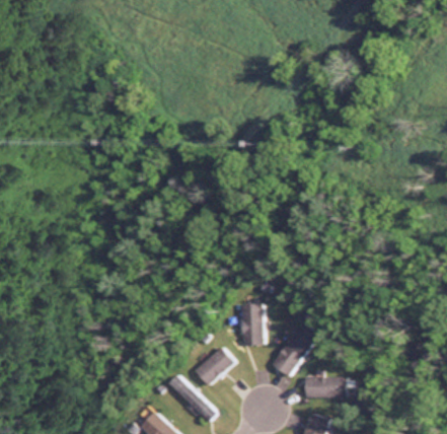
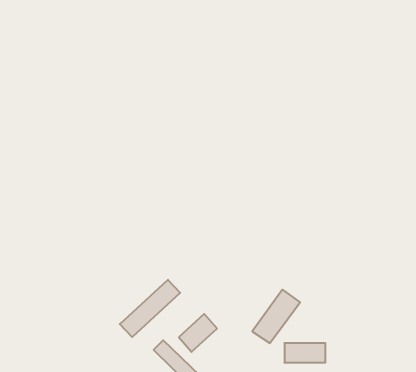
building: [242,303,266,345] -> none
building: none -> [120,280,180,337]

